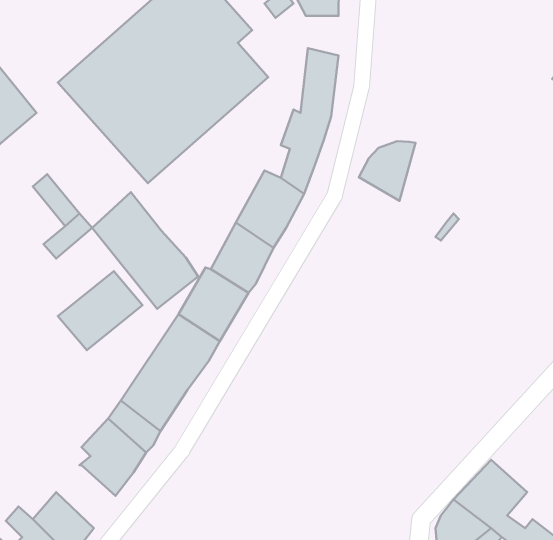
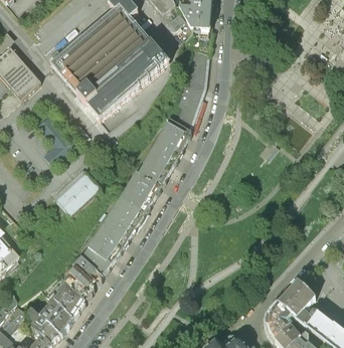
building: [359,141,416,201] -> none
building: [92,192,198,309] -> none
building: none -> [46,281,84,316]

